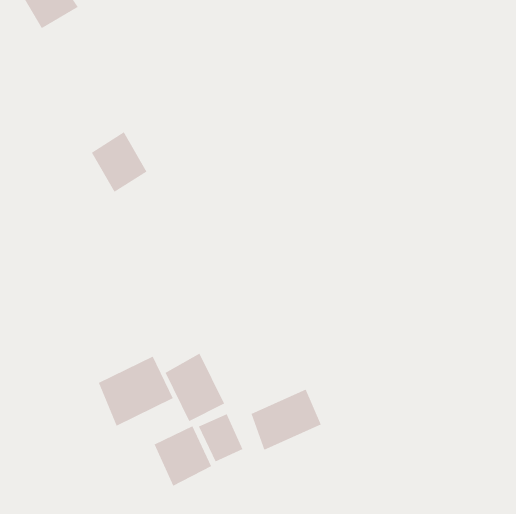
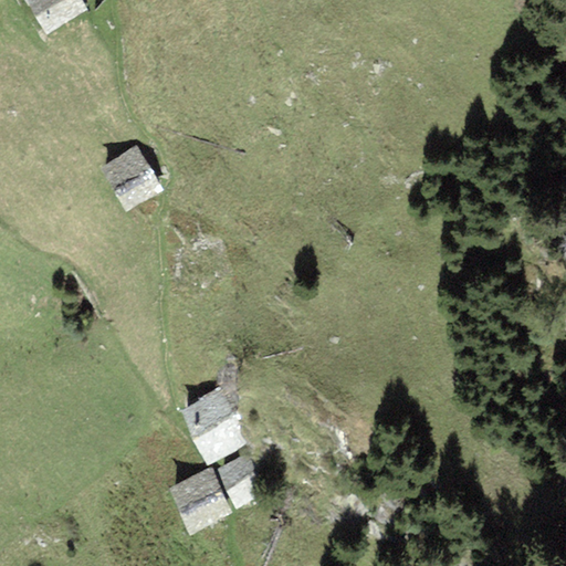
building: [98,355,174,427] -> none
building: [250,389,322,451] -> none

